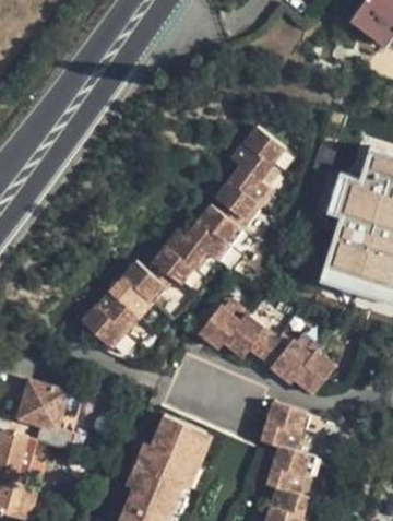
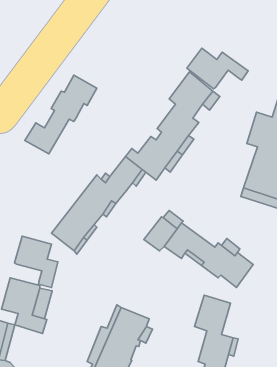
building: none -> [187,48,248,89]
building: none -> [25,75,97,154]
building: none -> [15,236,58,287]

